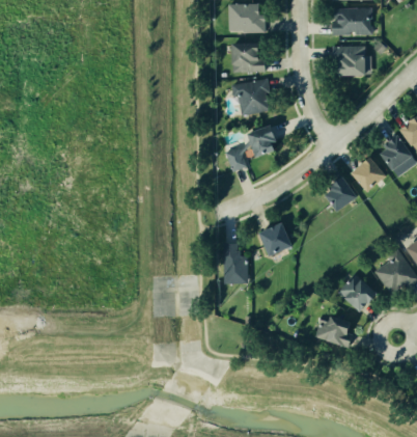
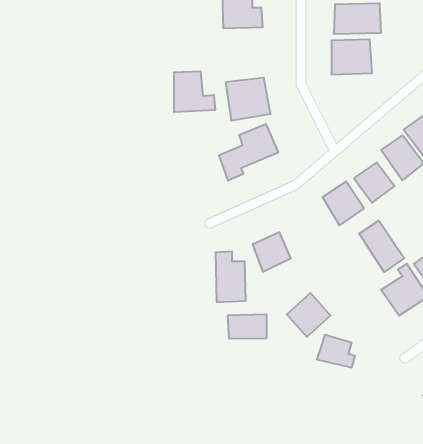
building: [230,38,269,76] -> [174,71,215,112]
building: none -> [359,220,404,272]
building: [333,274,373,315] -> [287,293,331,337]
building: none -> [228,314,267,339]

